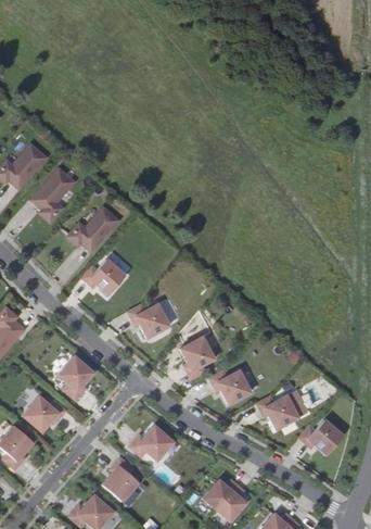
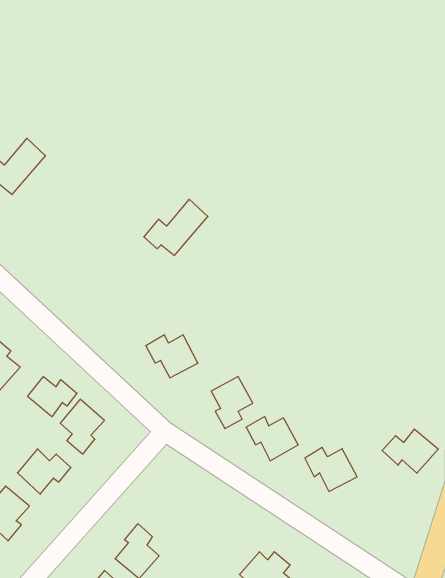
building: [31,168,75,223] -> none
building: [67,206,119,252] -> [144,199,208,255]
building: [81,259,126,294] -> none
building: none -> [28,377,77,417]
building: [299,419,345,455] -> [382,429,438,473]
building: [130,425,175,461] -> none

